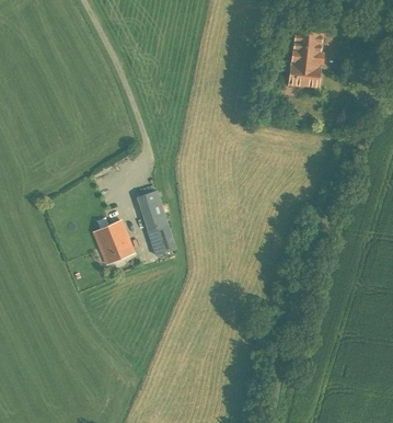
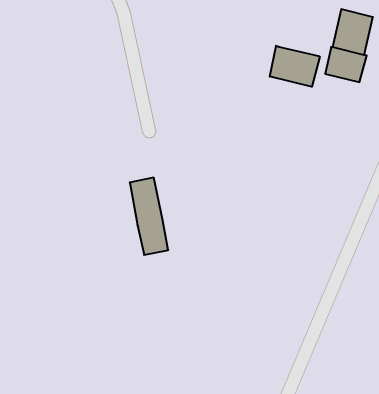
building: none -> [270,46,320,87]
building: [93,220,134,264] -> none

